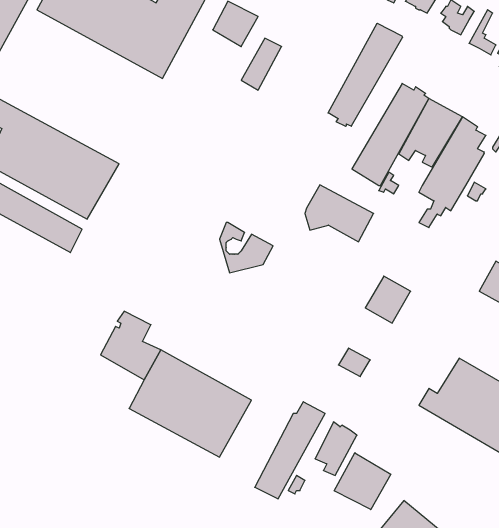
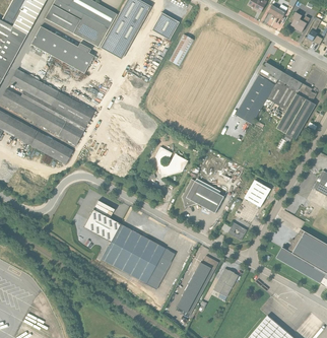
building: none -> [30,25,93,73]
building: [328,23,403,126] -> none
building: [305,185,374,242] -> [183,179,224,213]
building: [334,453,391,510] -> none

